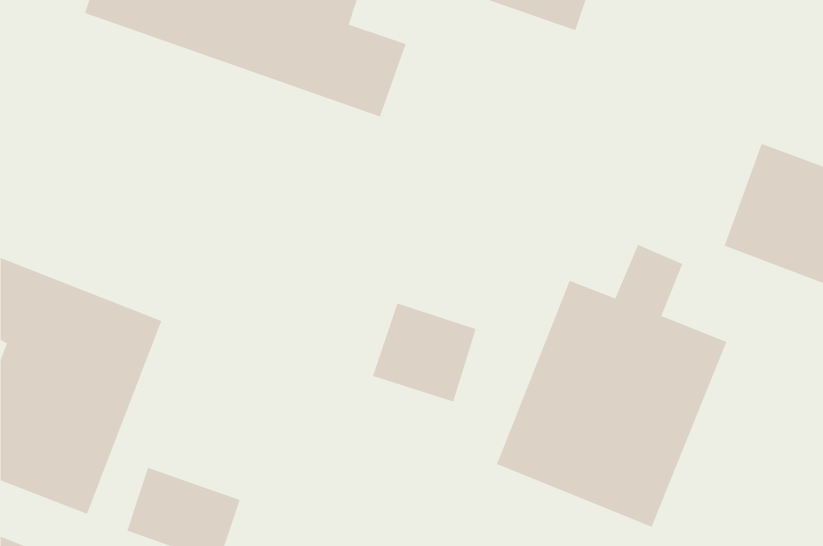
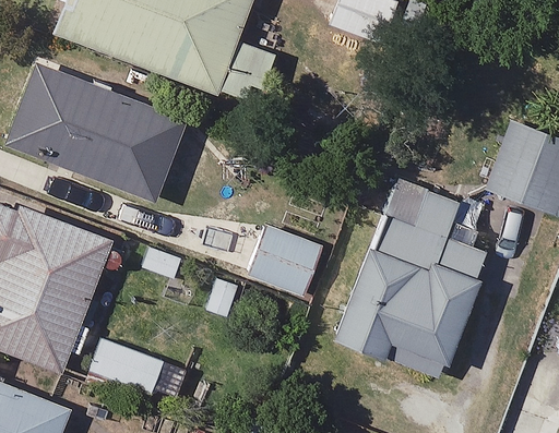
building: none -> [5,64,185,201]

